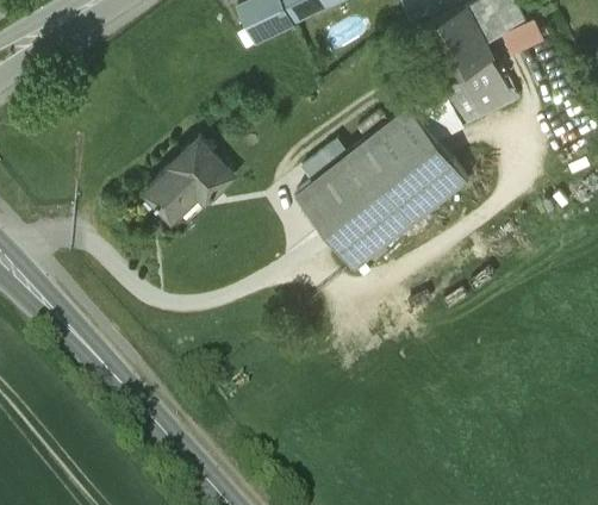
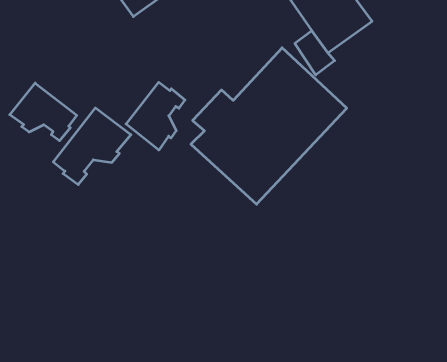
building: none -> [10,83,77,141]
building: none -> [126,82,185,150]

